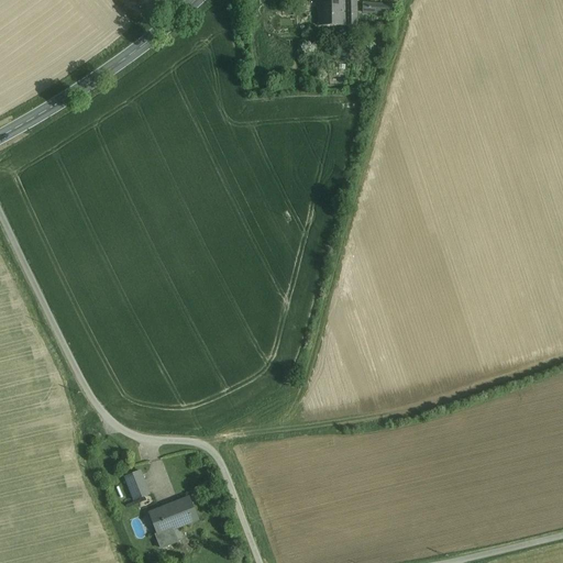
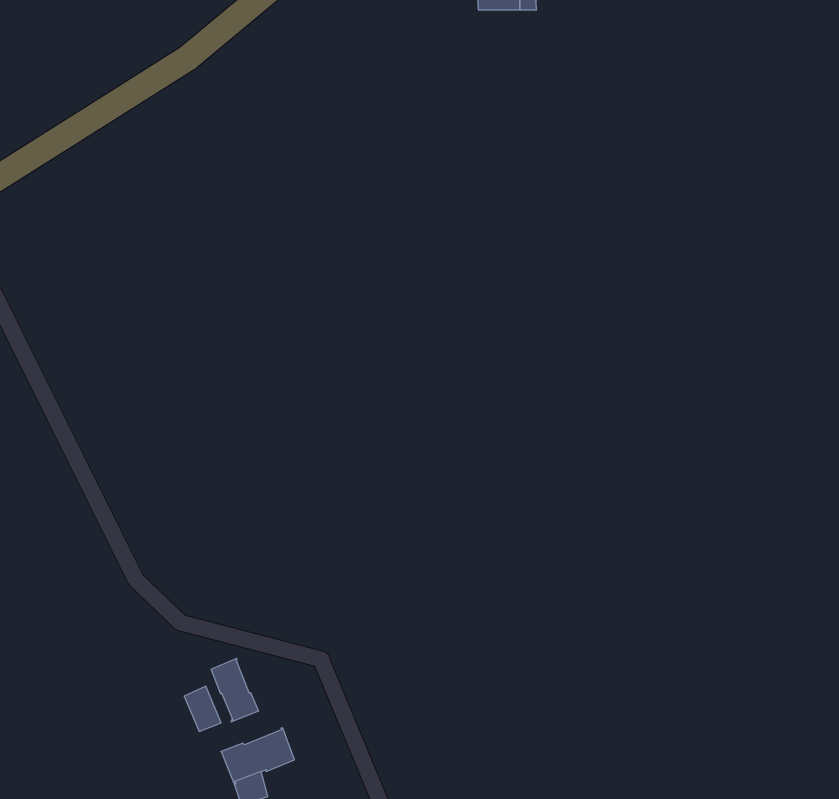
building: none -> [211,658,258,722]

